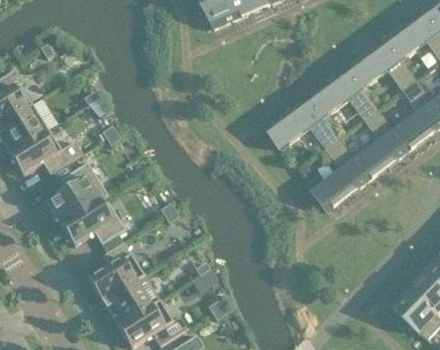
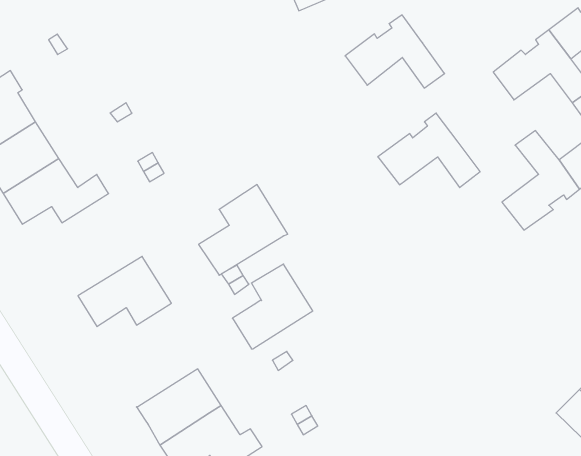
building: [308,69,376,119] -> [345,15,445,88]
building: [313,137,368,208] -> none
building: [46,160,108,223] -> [199,185,288,275]
building: [88,241,143,300] -> [232,264,313,349]

